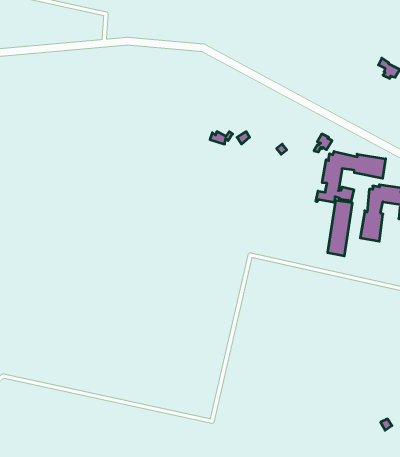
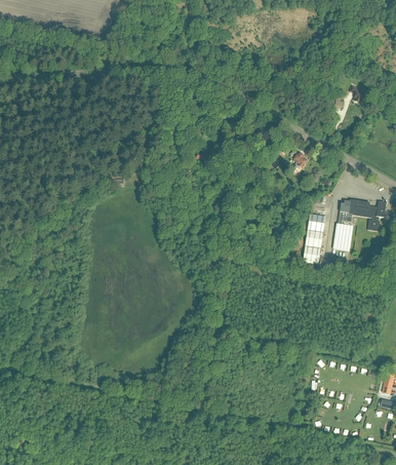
building: [316,151,386,203] -> none

